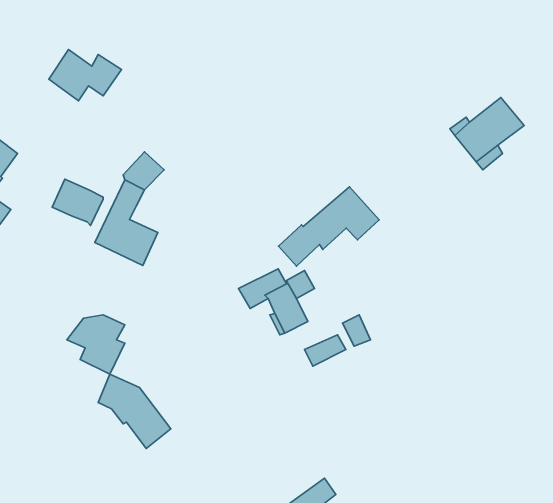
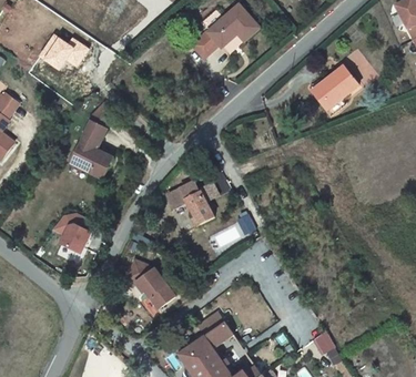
building: [52,179,103,225] -> none
building: [278,187,379,266] -> [191,6,258,59]
building: [98,374,171,449] -> [125,259,174,309]

